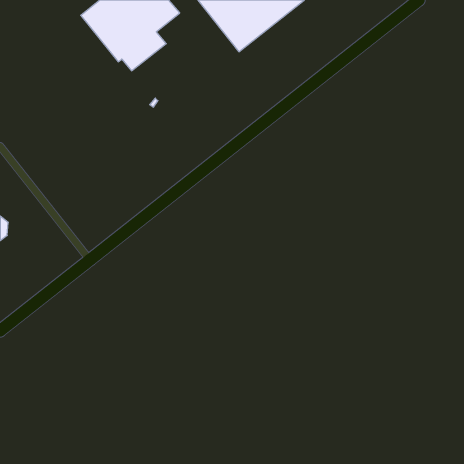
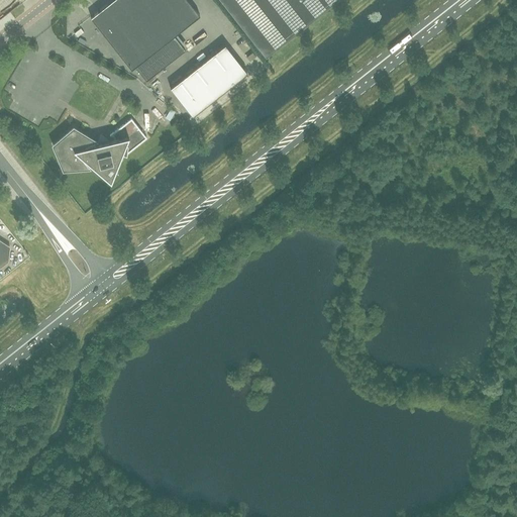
building: none -> [170,43,247,116]
building: none -> [51,118,146,182]

